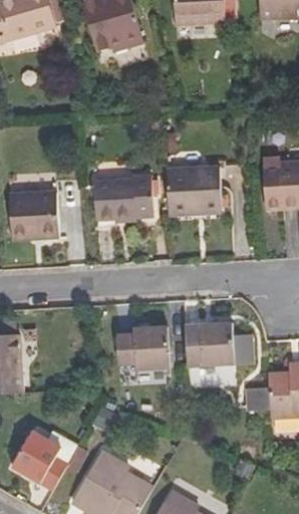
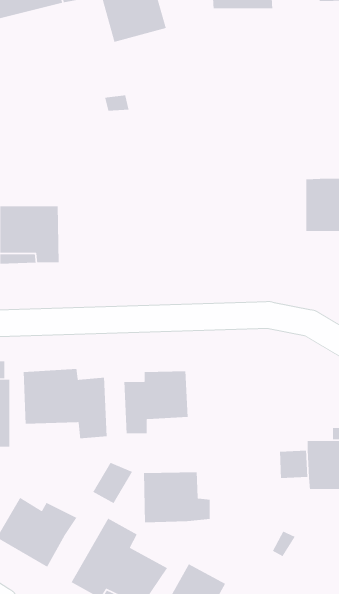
building: [170,169,223,213] -> none
building: [97,173,154,216] -> none
building: [185,323,241,366] -> [143,471,211,523]
building: none -> [23,368,108,439]

